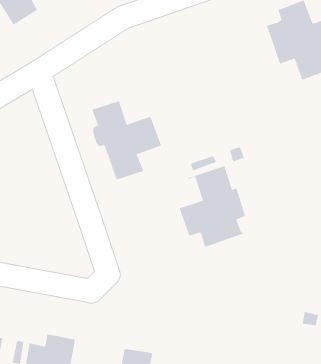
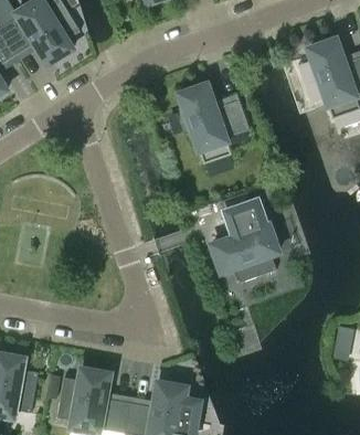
building: [91,101,162,180] -> [179,83,248,161]

